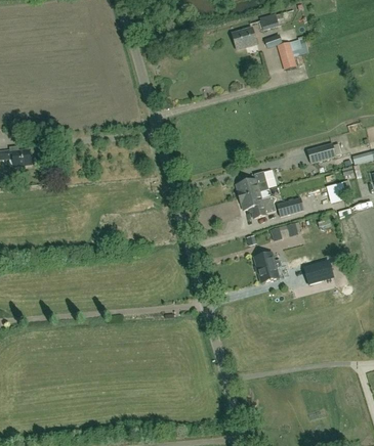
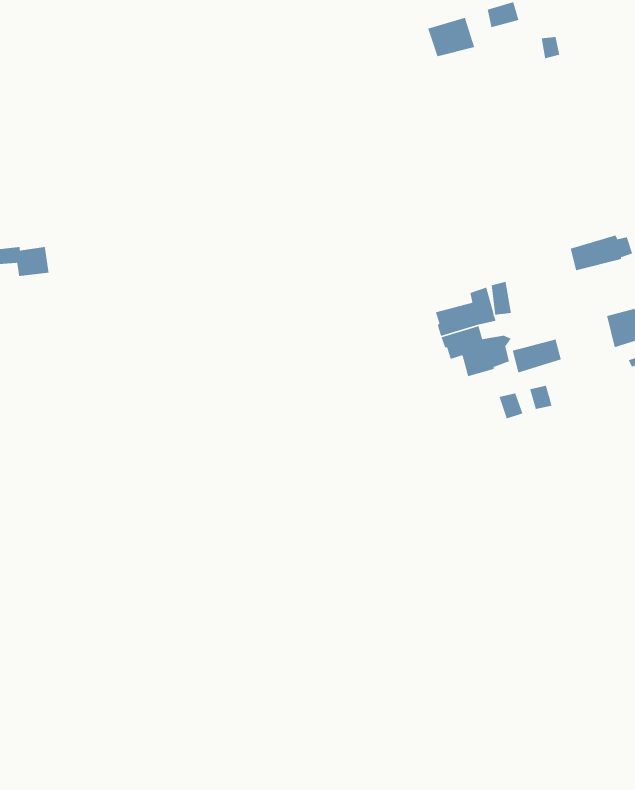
building: [263,35,296,71] -> none
building: [253,253,281,282] -> none
building: [302,261,332,283] -> none

